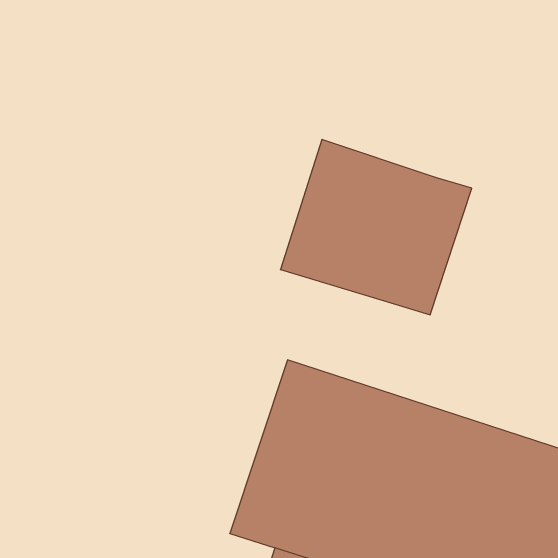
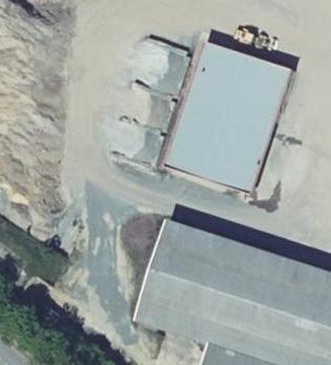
building: none -> [188,41,291,121]

